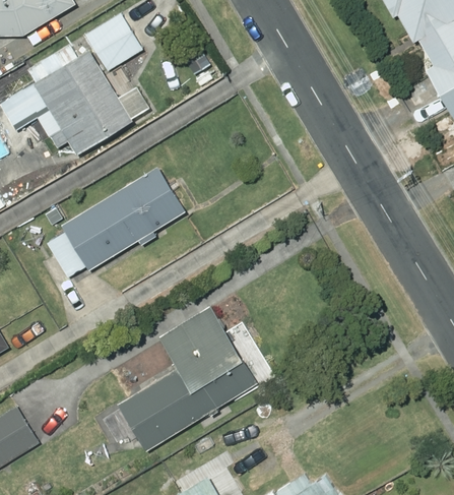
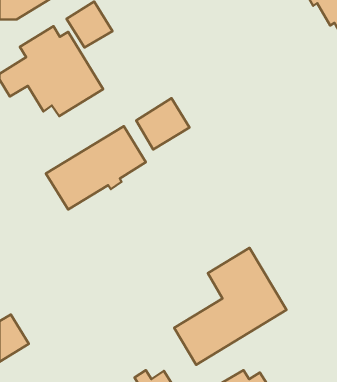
building: none -> [136,98,190,150]
building: [117,302,256,447] -> [174,248,286,365]

